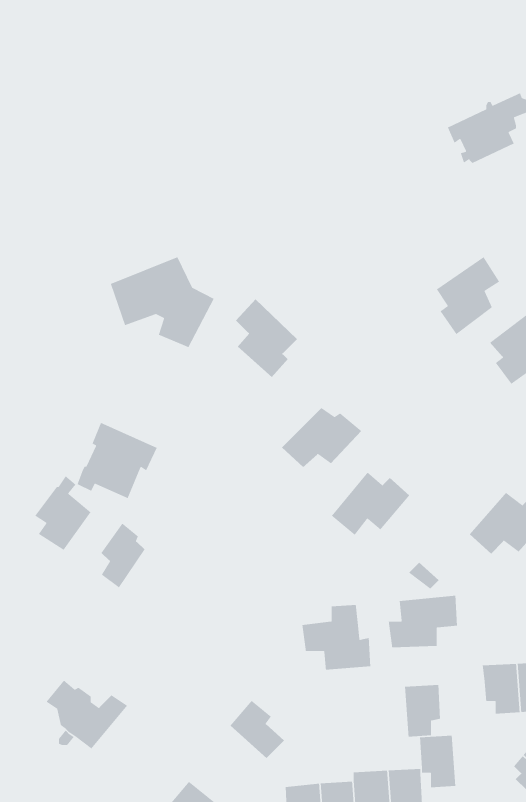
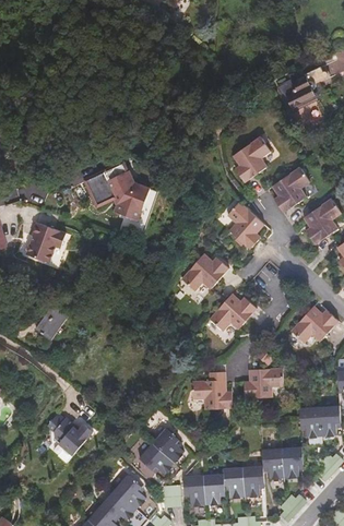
building: none -> [233,133,271,180]
building: [235,299,298,378] -> [228,200,265,247]
building: [77,422,158,499] -> [25,224,73,270]
building: [100,522,145,588] -> none
building: [404,684,441,738] -> [282,446,304,478]
building: none -> [135,442,171,474]

